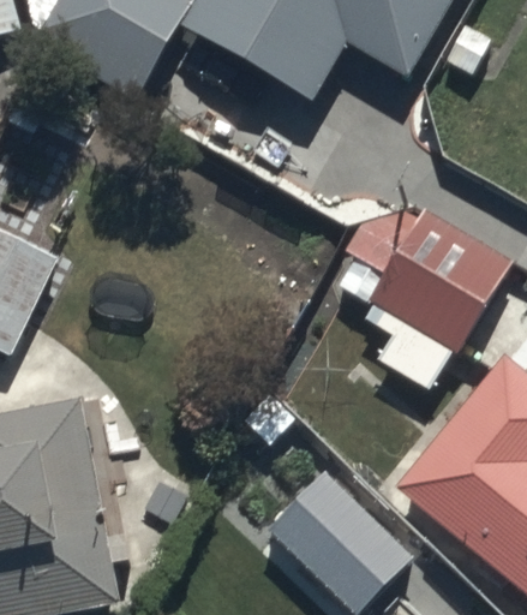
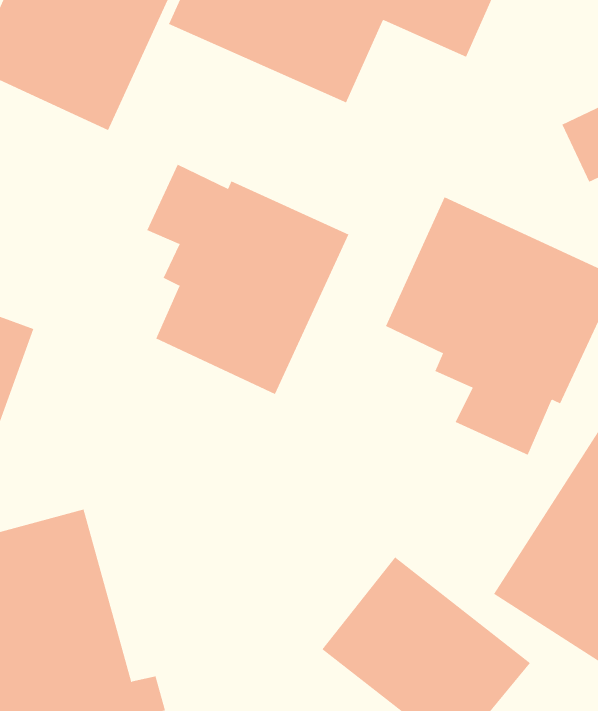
building: none -> [146,164,349,395]

